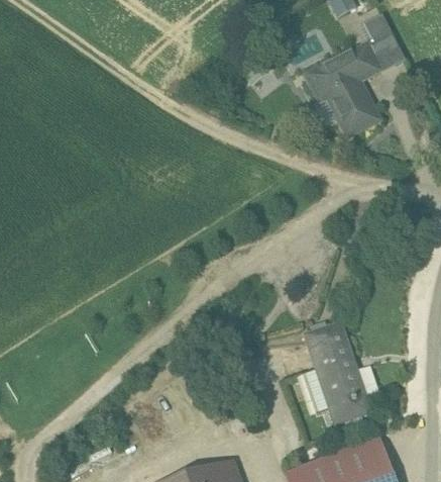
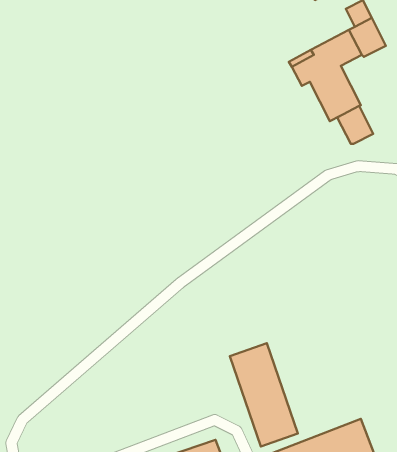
building: none -> [337,106,373,144]
building: [304,321,372,425] -> [230,343,298,446]

